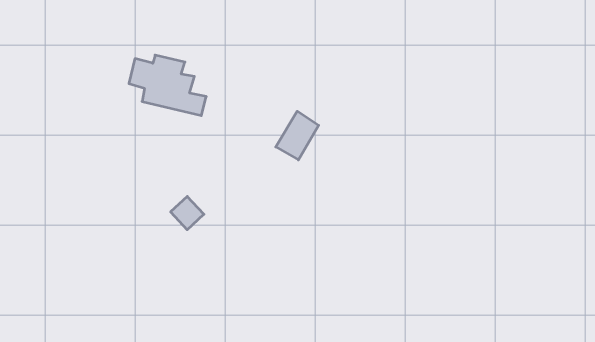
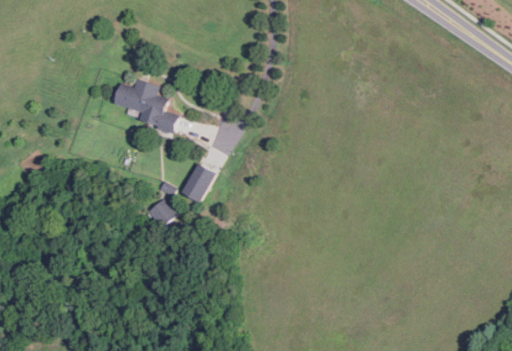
building: [276,111,319,160] -> [182,162,218,203]

